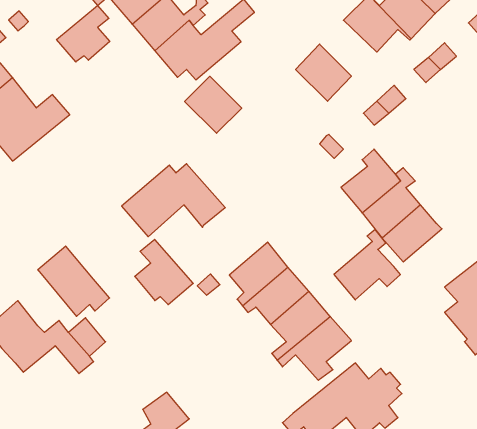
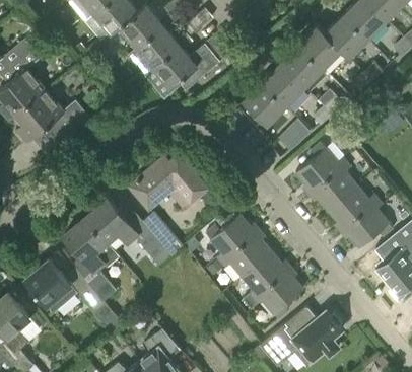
building: [57,6,110,62] -> none
building: none -> [279,46,323,88]
building: [185,76,242,133] -> [242,83,285,127]
building: none -> [85,200,137,243]
building: [334,229,400,300] -> [343,196,394,249]

